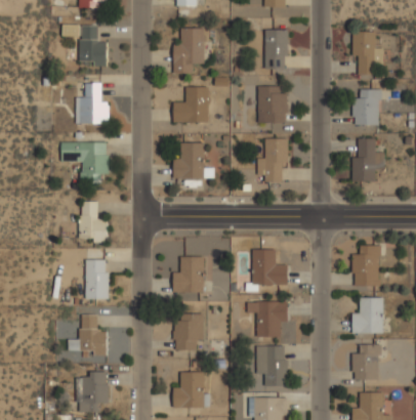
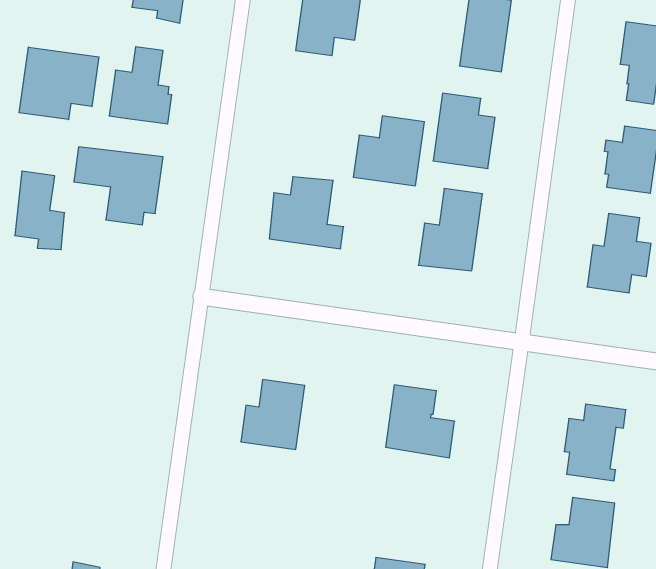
building: [173,86,208,122] -> [353,116,424,186]
building: none -> [19,47,99,120]
building: [80,202,108,243] -> [15,171,65,250]
building: [85,259,109,299] -> none
building: [247,301,289,336] -> none
building: [173,313,203,349] -> none
building: [68,314,107,355] -> none

